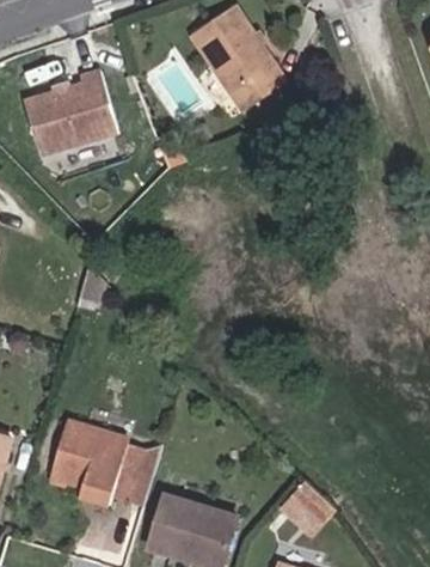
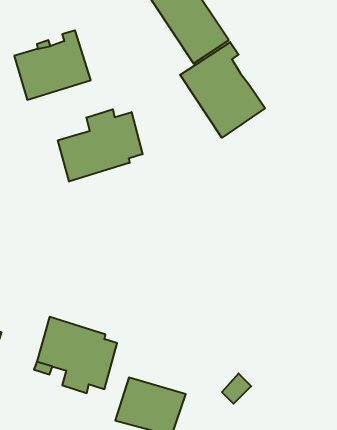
building: none -> [180,42,265,138]
building: none -> [58,109,143,182]

